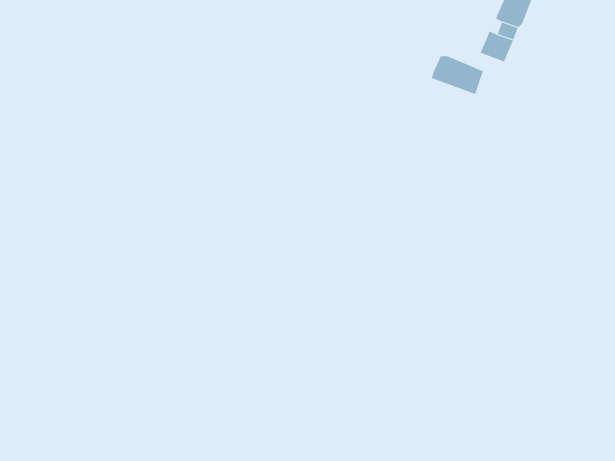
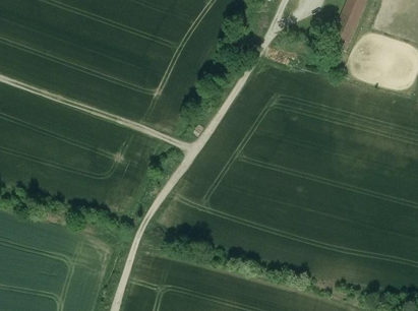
building: [431,55,483,95] -> none

